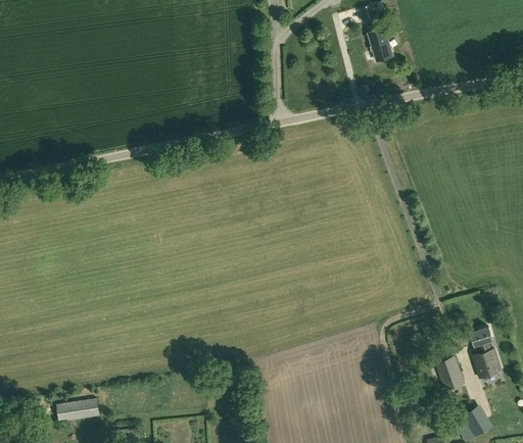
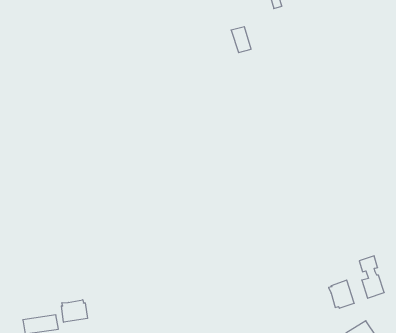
building: [368,29,392,60] -> [231,27,251,53]
building: none -> [62,300,88,322]

